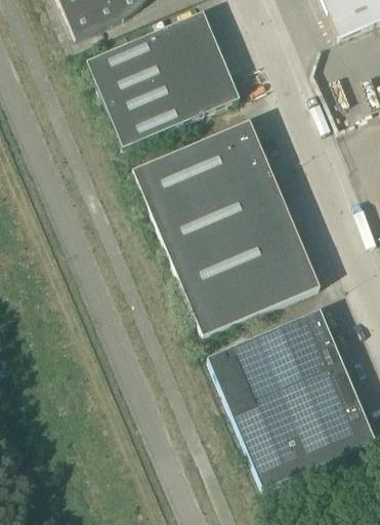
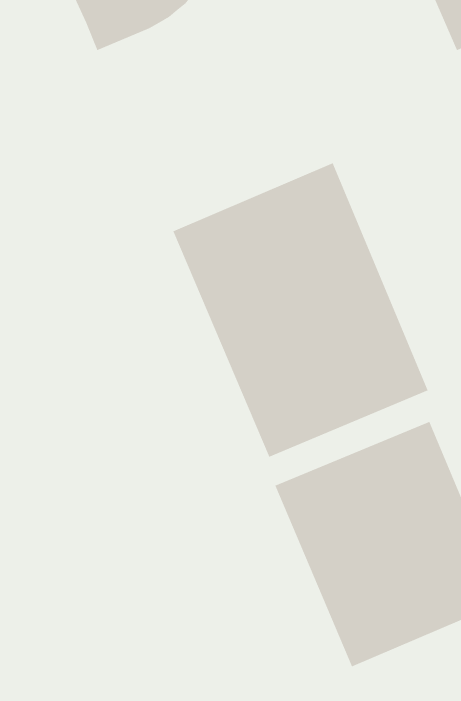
building: [86,11,241,148] -> none

